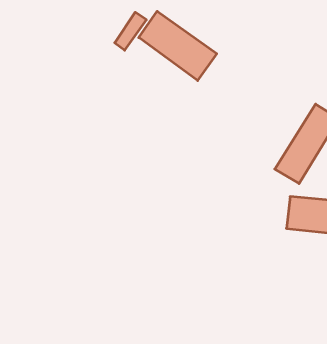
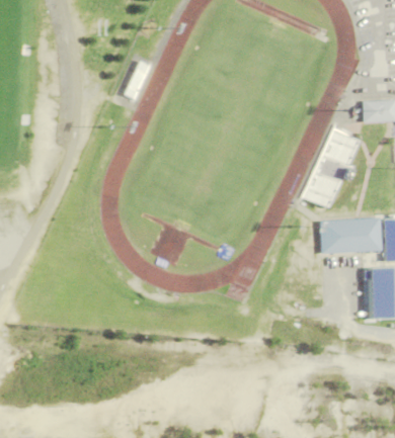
building: [139,11,217,81] -> none

